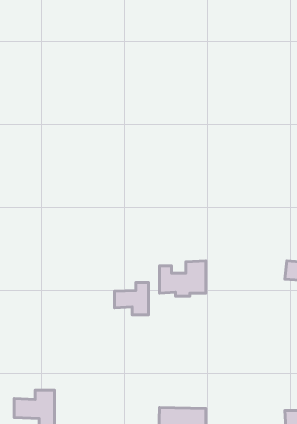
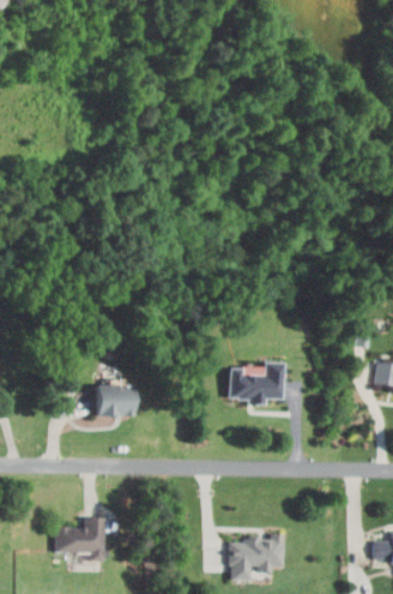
building: none -> [93,383,134,413]
building: [115,283,148,315] -> none

